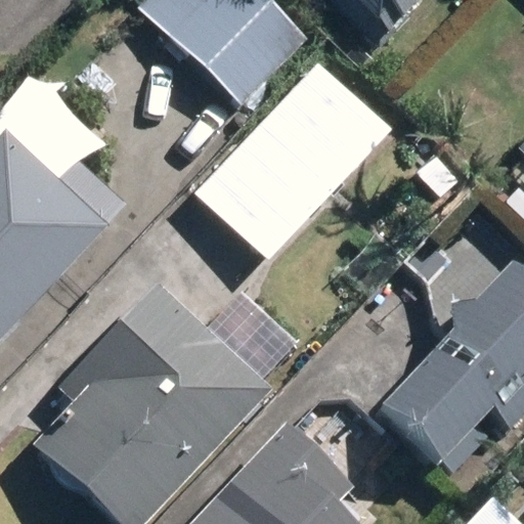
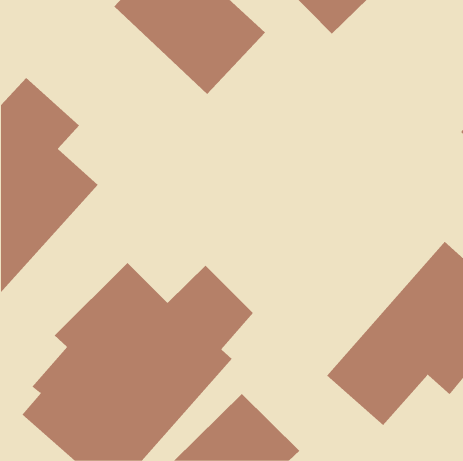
building: [194,60,393,261] -> none

